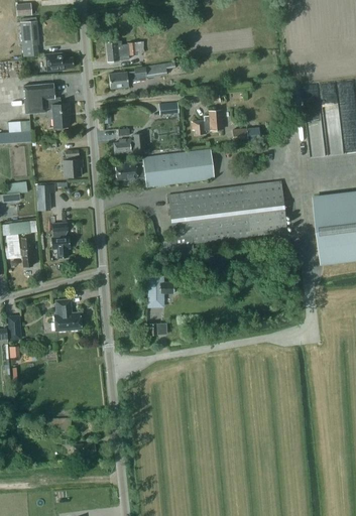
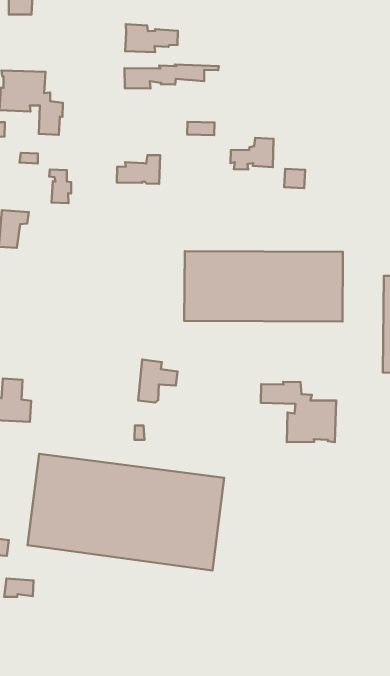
building: [45,51,73,71] -> none
building: [114,150,213,186] -> none
building: [51,224,69,258] -> none
building: none -> [261,382,336,442]
building: none -> [27,454,224,571]

